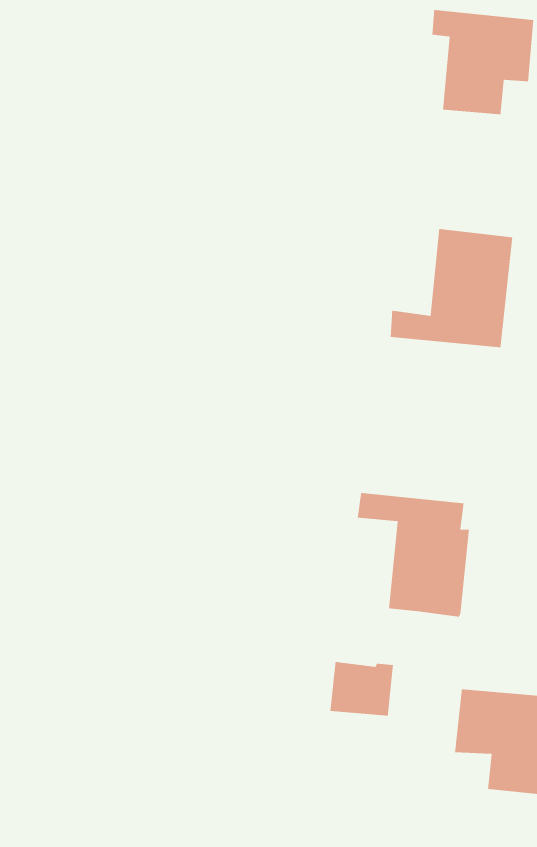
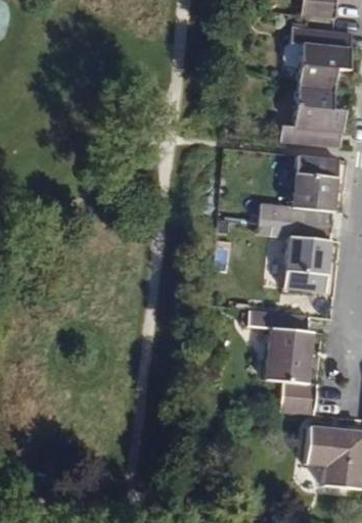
building: none -> [280,86,345,147]
building: none -> [265,220,332,292]
building: [329,661,394,717] -> [281,381,319,414]

